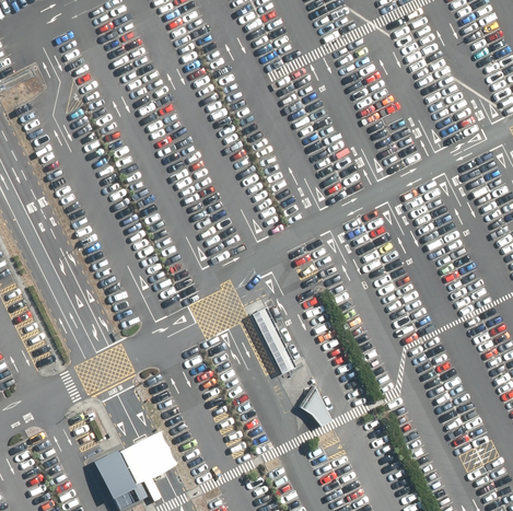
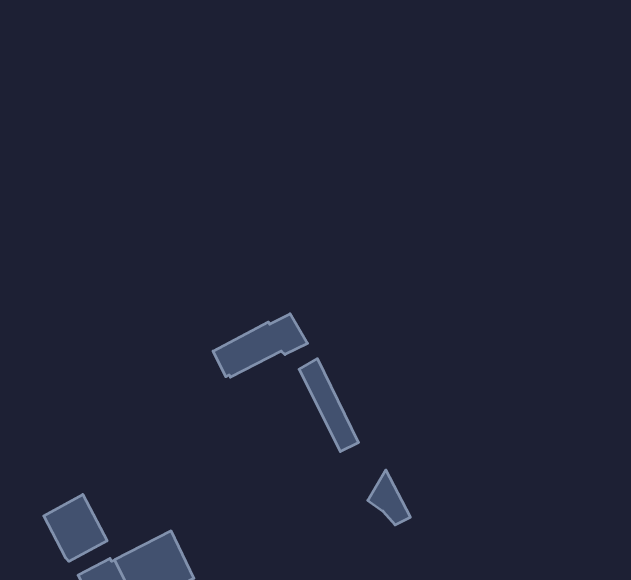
building: none -> [213,314,308,377]
building: none -> [44,494,107,561]

